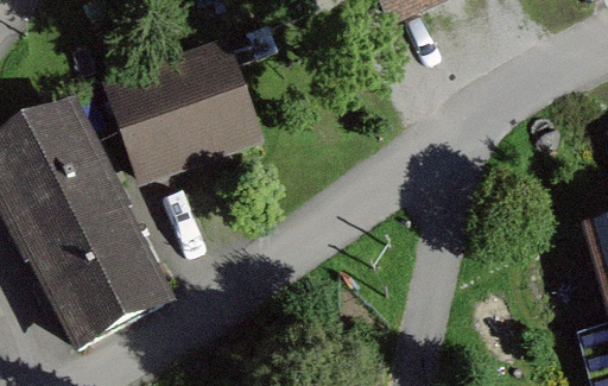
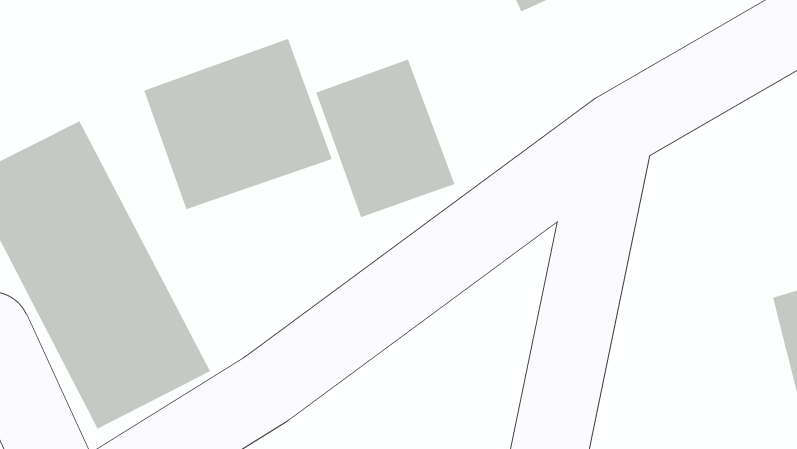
building: none -> [315,58,455,218]

